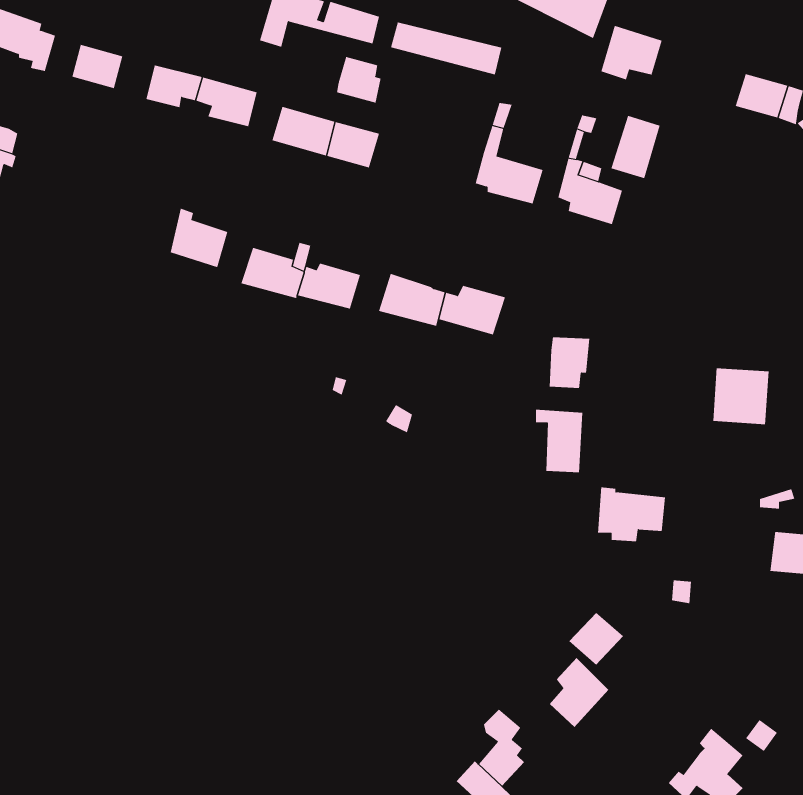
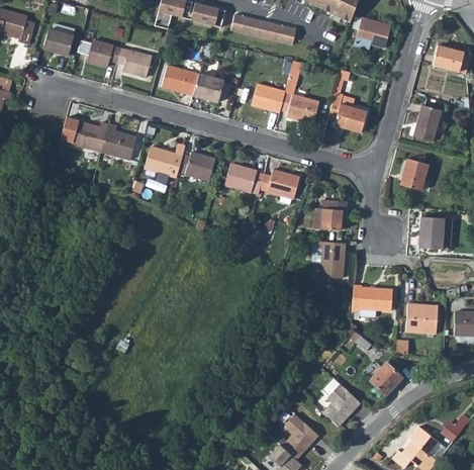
building: [337,56,381,104] -> none
building: [610,115,660,179] -> [412,103,442,140]
building: none -> [253,82,285,111]
building: none -> [61,114,107,149]
building: none -> [400,158,428,189]
building: none -> [405,304,437,335]
building: [569,612,624,665] -> [370,365,402,396]

